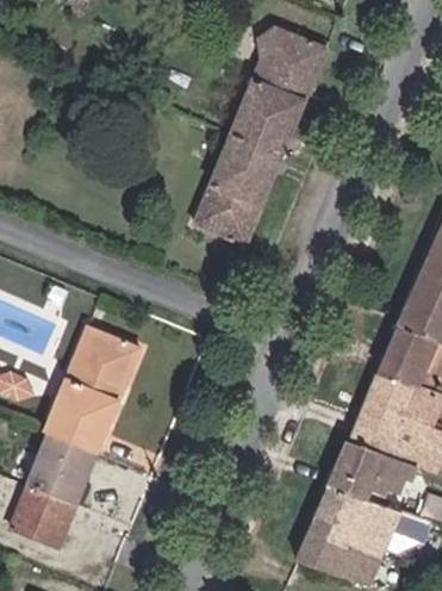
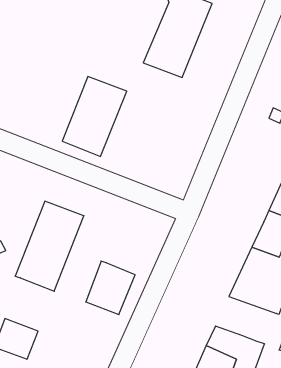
building: [191,123,281,235] -> [62,77,127,156]
building: [32,424,101,499] -> [86,261,135,315]
building: [328,450,413,505] -> none

